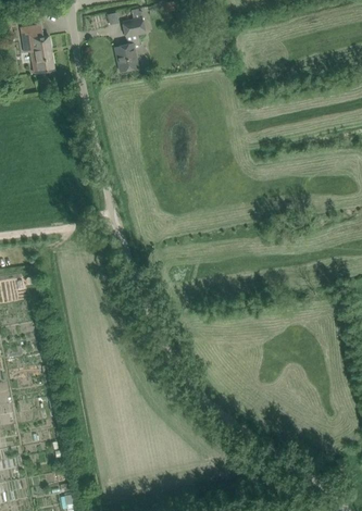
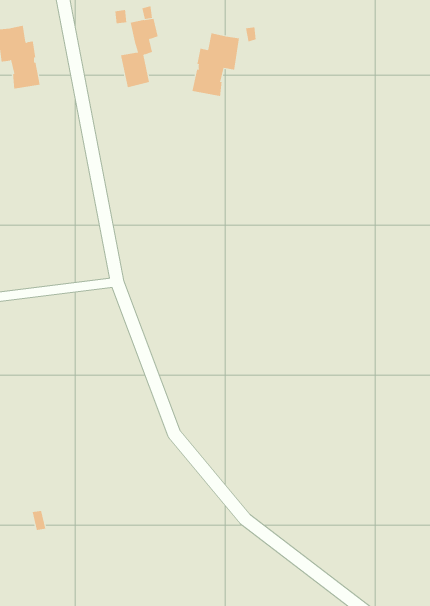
building: none -> [192,33,240,97]

